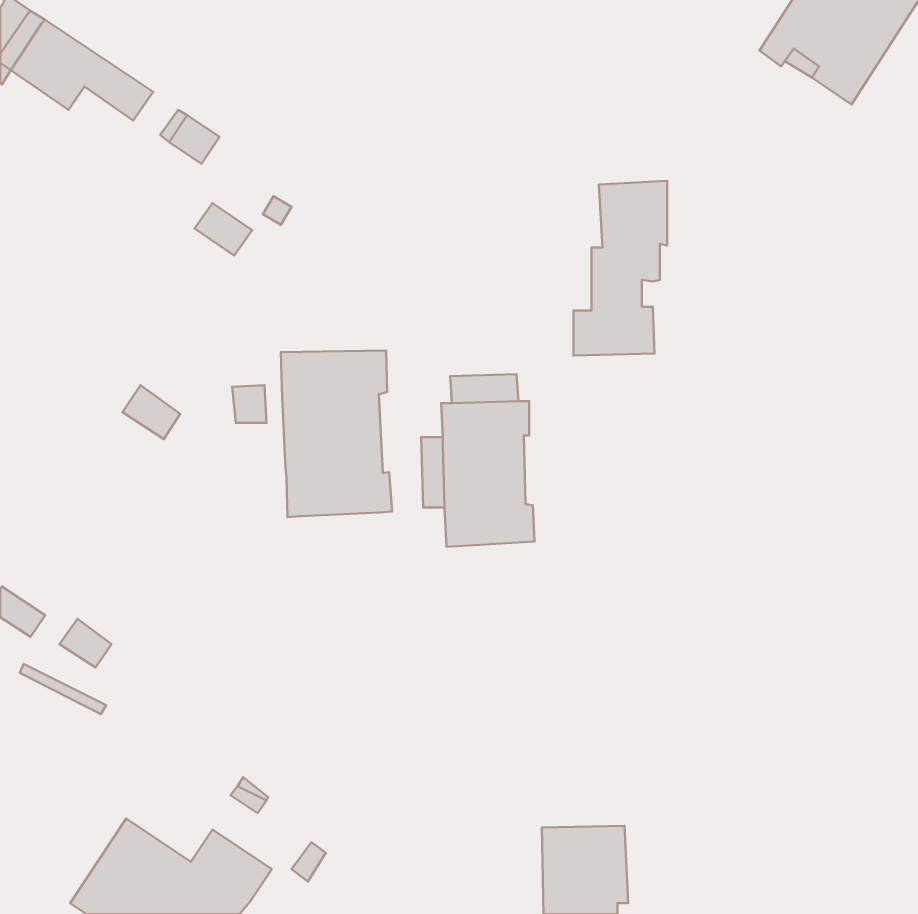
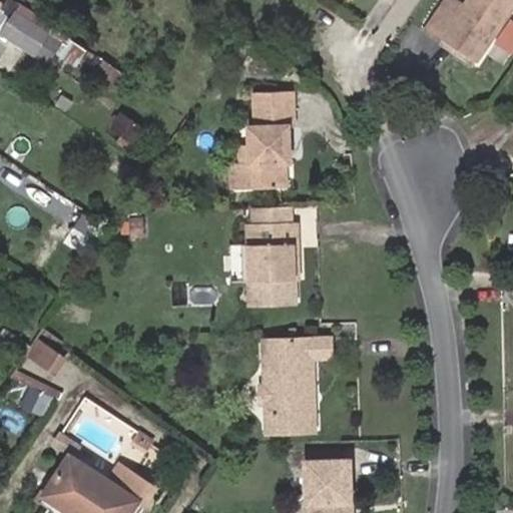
building: [574,181,667,355] -> [242,91,295,188]
building: [281,350,392,517] -> none
building: none -> [256,338,331,434]

